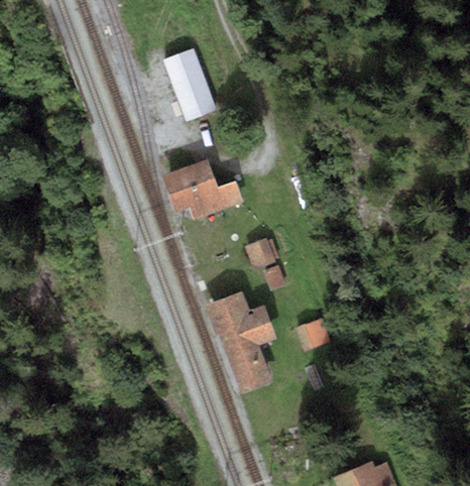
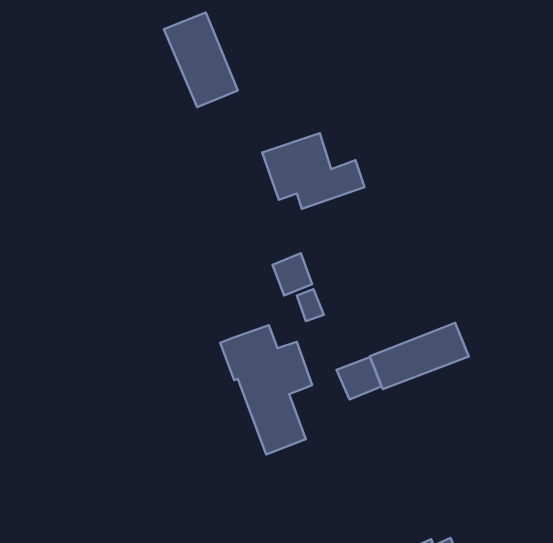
building: [162,160,243,220] -> [262,133,365,209]
building: none -> [370,323,469,389]

